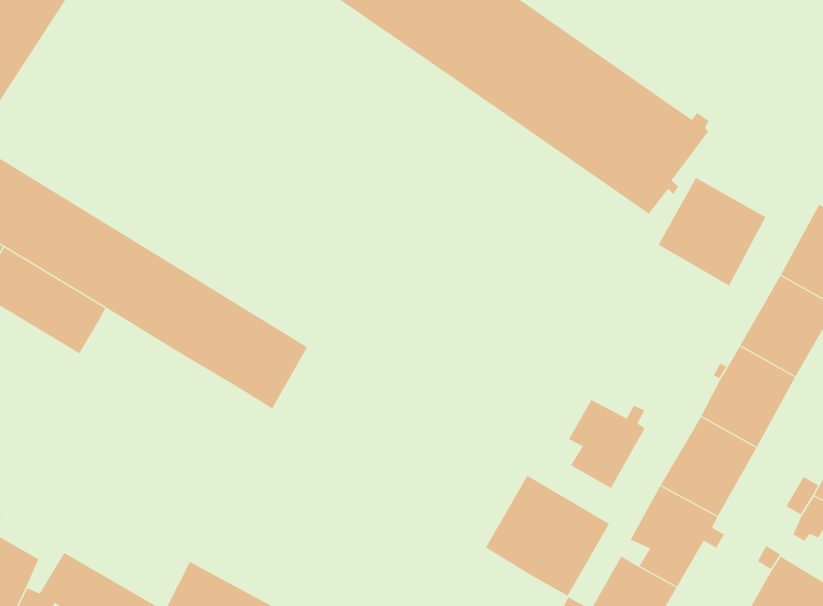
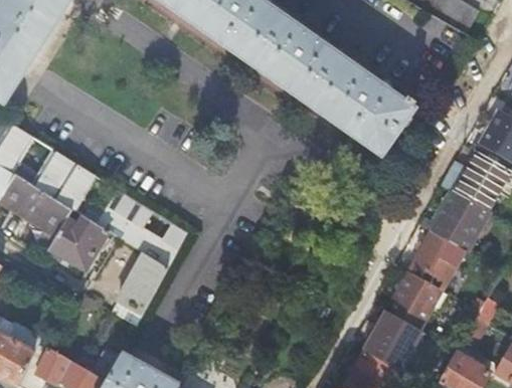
building: [658,177,766,287] -> none
building: none -> [49,215,109,269]
building: none -> [112,253,167,324]
building: [568,399,646,489] -> none
building: [485,475,610,596] -> none

